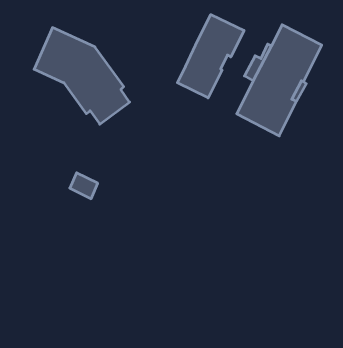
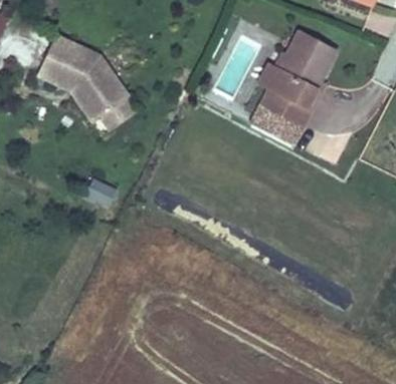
building: [177,15,244,98] -> none

